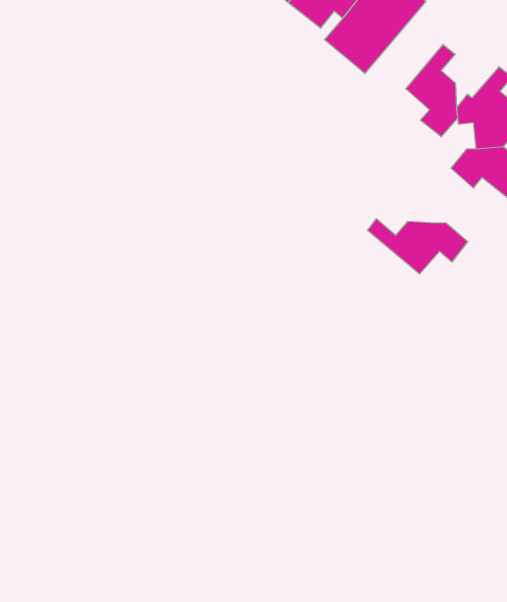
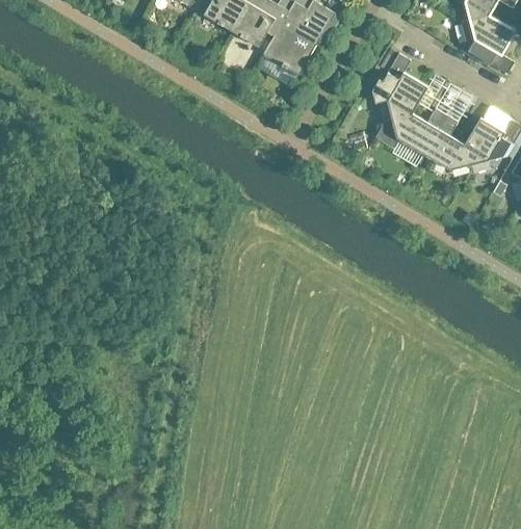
building: [406,44,458,137] -> none
building: [367,219,468,274] -> none

